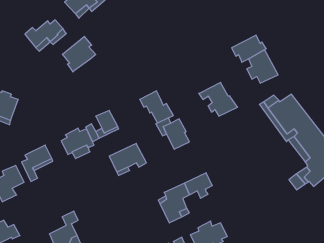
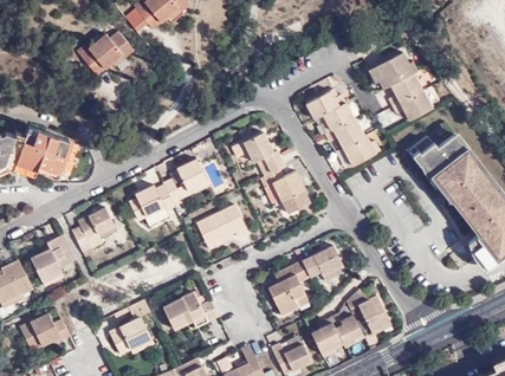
building: [62,36,96,72] -> none
building: none -> [305,89,352,134]
building: none -> [162,291,219,330]
building: none -> [347,293,389,335]

